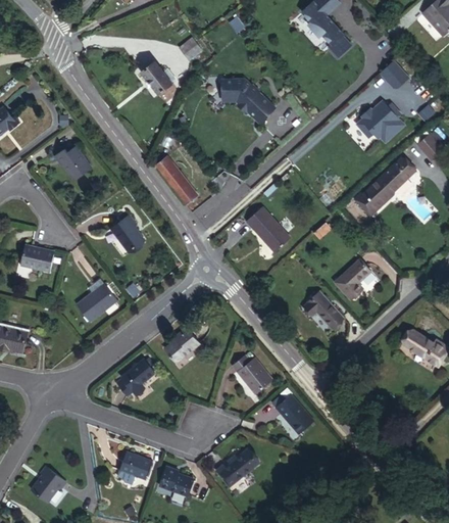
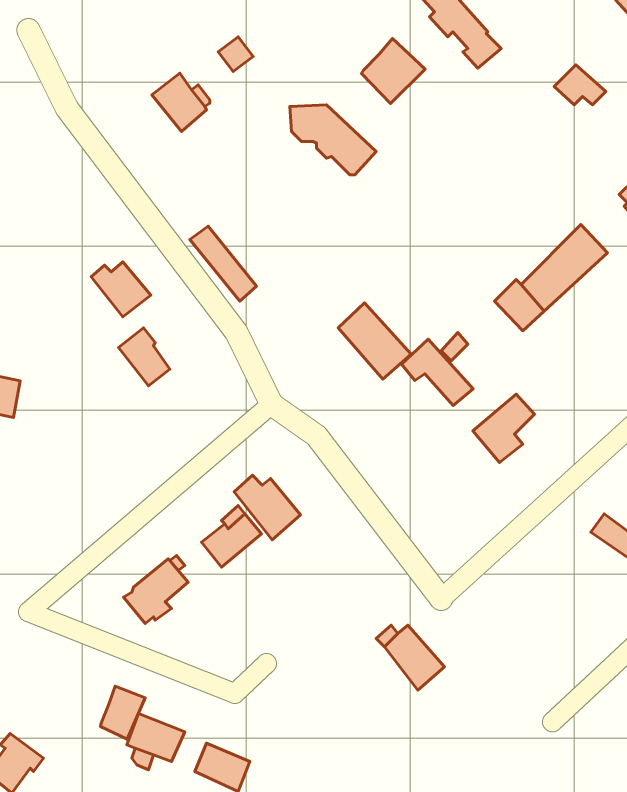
building: none -> [362,39,425,103]
building: [355,101,402,142] -> none
building: [57,147,94,181] -> [91,262,151,317]
building: [77,276,118,319] -> none
building: [302,292,346,333] -> [402,339,473,406]
building: [235,360,276,399] -> [234,475,301,540]
building: none -> [100,686,145,739]
building: [218,453,264,492] -> none

